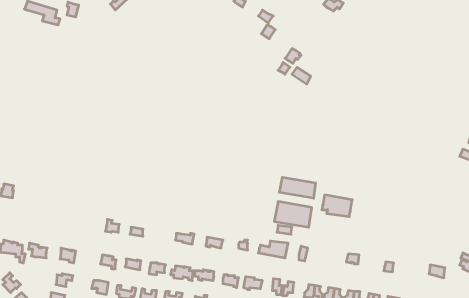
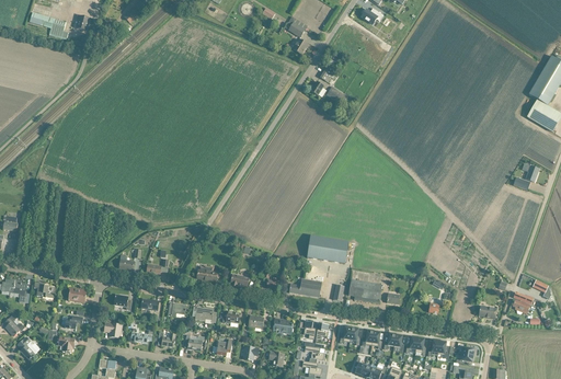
building: [279,177,316,198] -> none
building: [322,195,352,217] -> [347,278,381,302]

